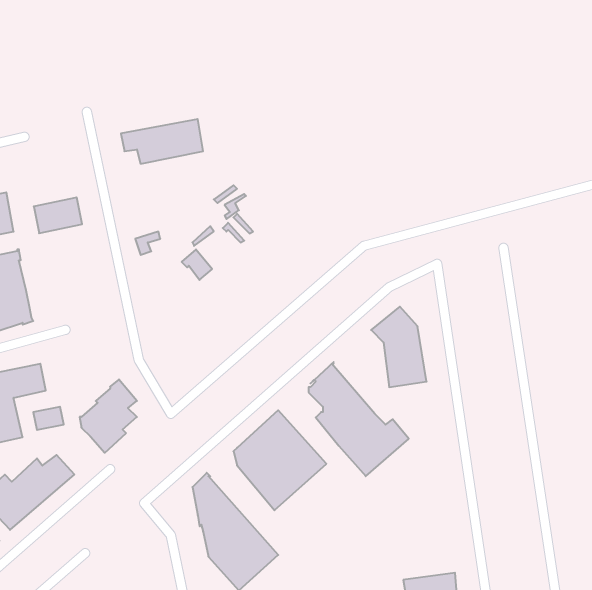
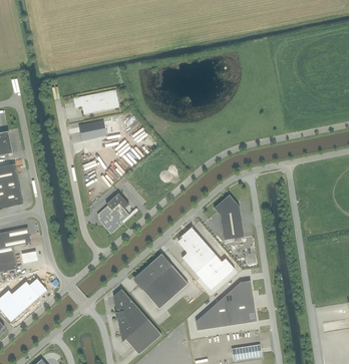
building: [34,197,82,233] -> [78,120,105,140]
building: [80,379,137,453] -> [96,193,128,234]
building: none -> [195,280,256,330]

